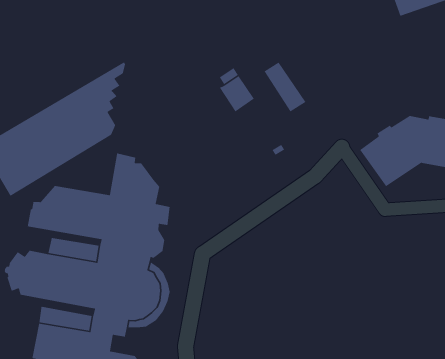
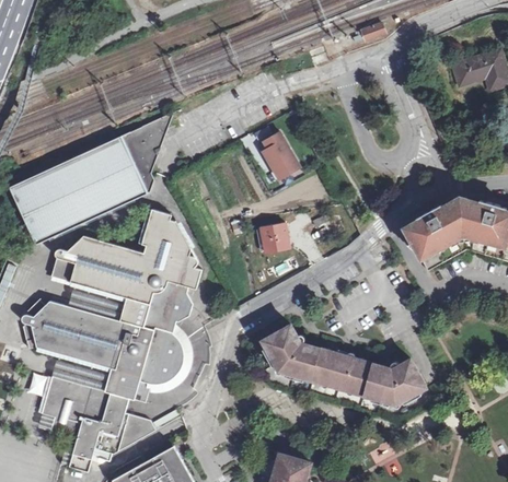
building: [263,61,307,112] -> none
building: none -> [259,224,288,254]
building: none -> [261,325,425,404]

